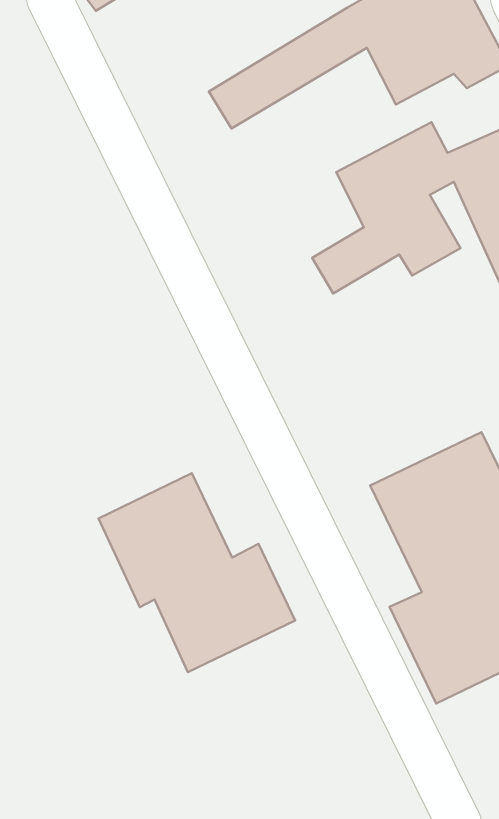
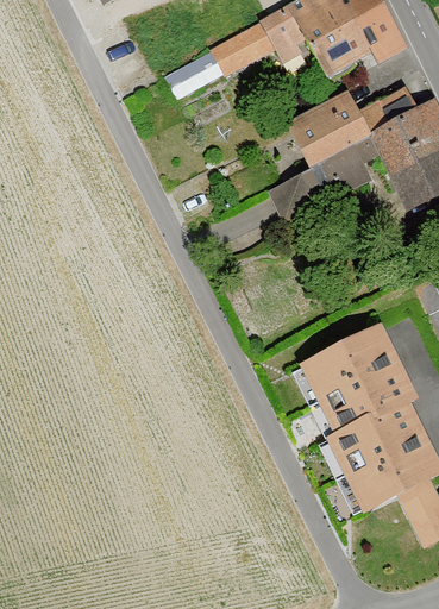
building: [98,473,295,672] -> none

